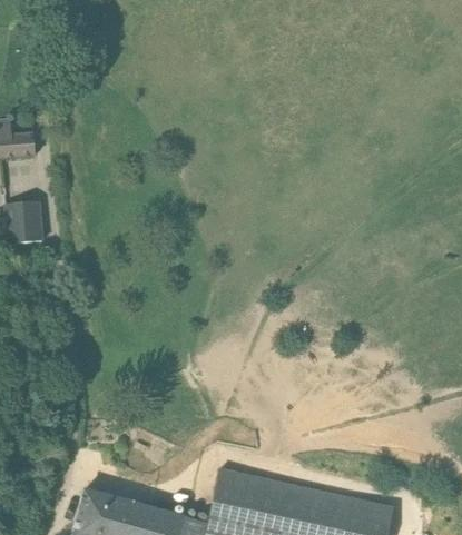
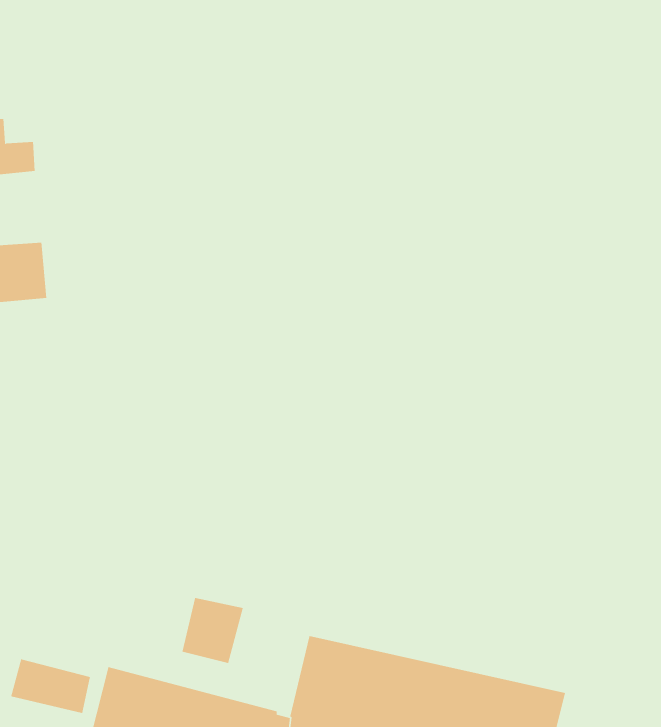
building: none -> [182,597,243,664]
building: none -> [10,659,91,714]

